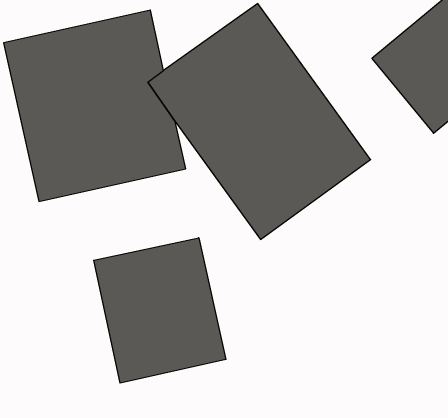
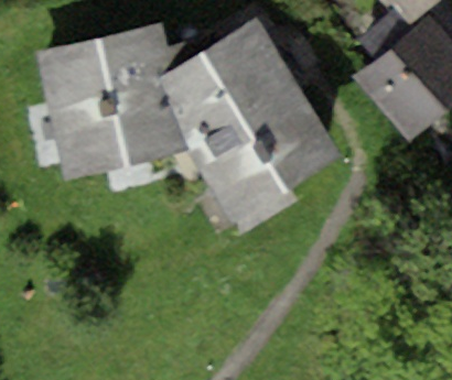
building: [94,238,226,383] -> none

